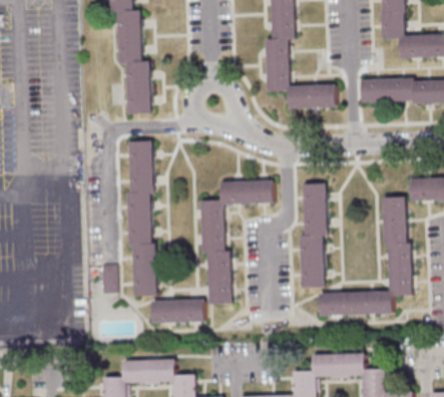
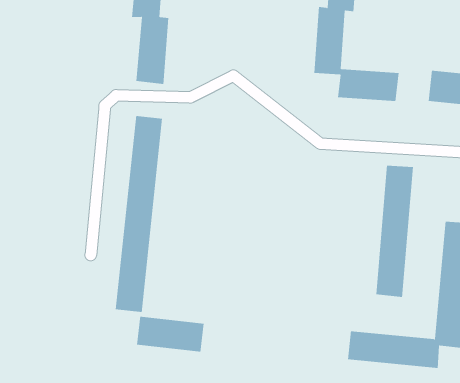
building: [203,179,272,304] -> none
building: [300,182,325,287] -> [375,165,414,298]
building: [100,265,114,293] -> none

